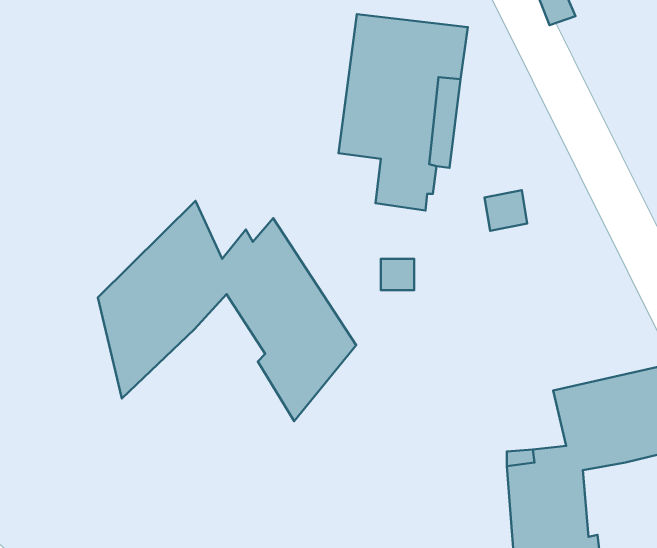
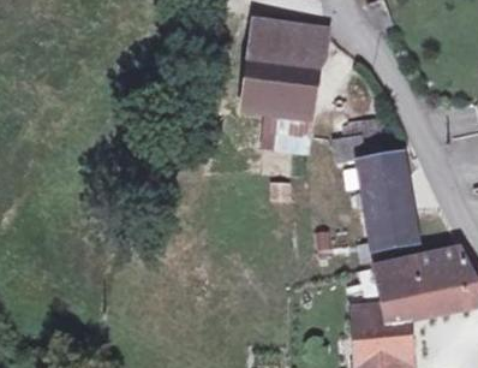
building: [98,201,356,421] -> none
building: none -> [362,153,417,247]

